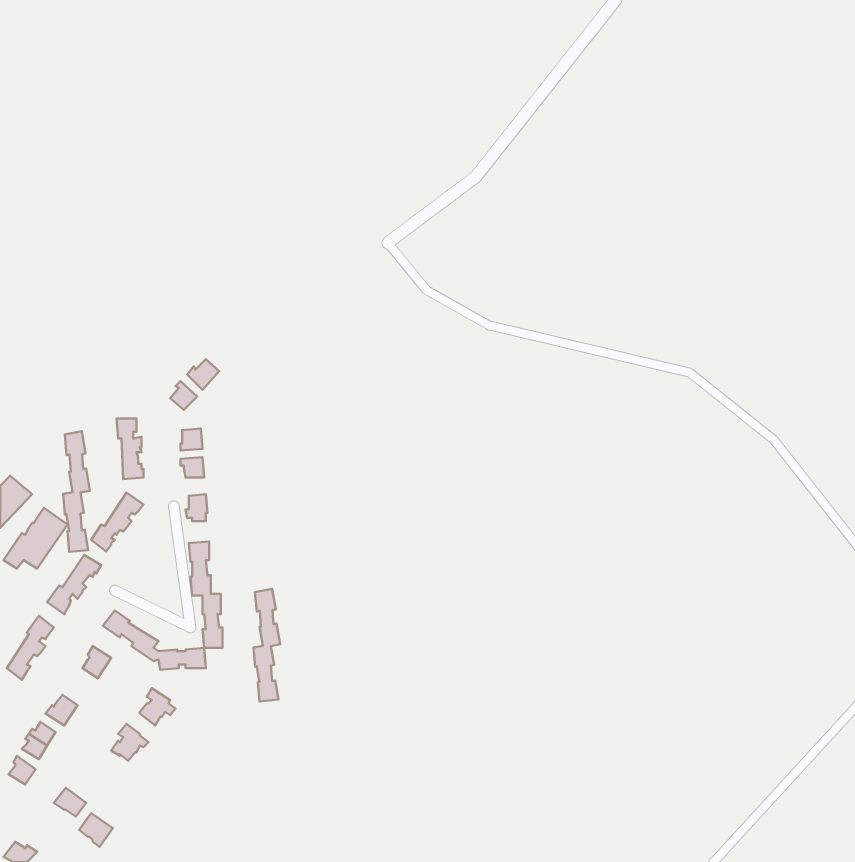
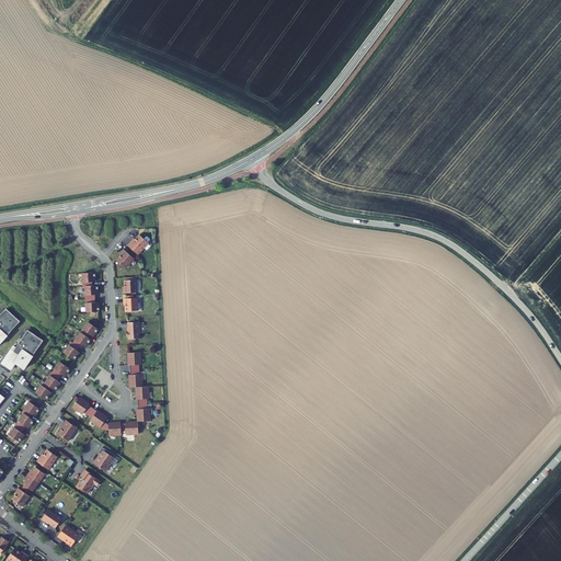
building: [63,431,90,552] -> none
building: [253,589,280,701] -> none

